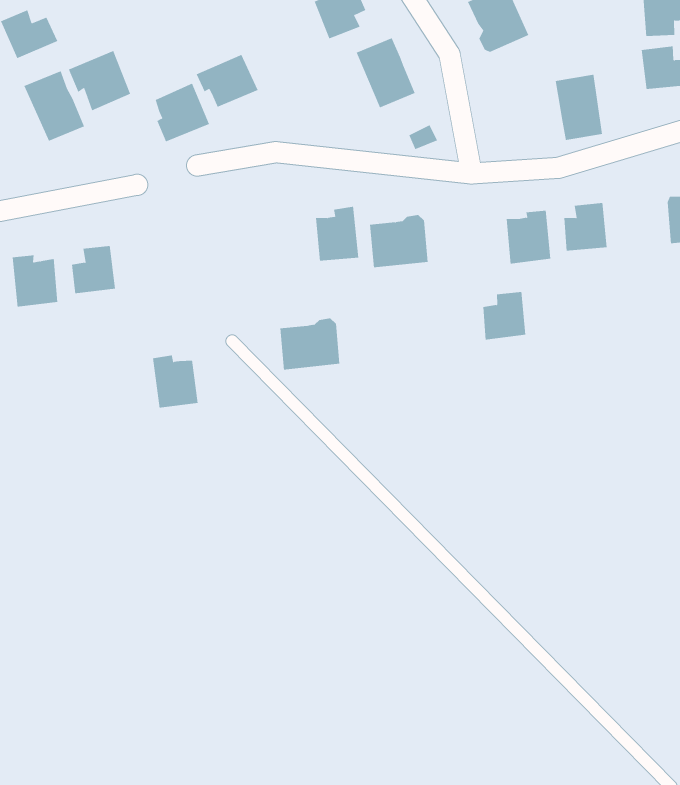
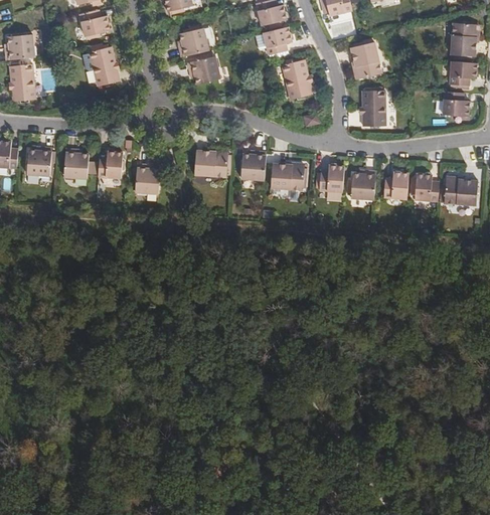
building: [68,50,131,111] -> none
building: [555,74,603,141] -> [362,90,385,125]
building: [155,83,210,142] -> [178,25,208,56]
building: none -> [414,174,439,201]
building: [483,291,526,340] -> [318,166,344,192]
building: [280,318,340,370] -> [193,150,228,177]
building: [152,355,198,408] -> [136,164,160,194]

